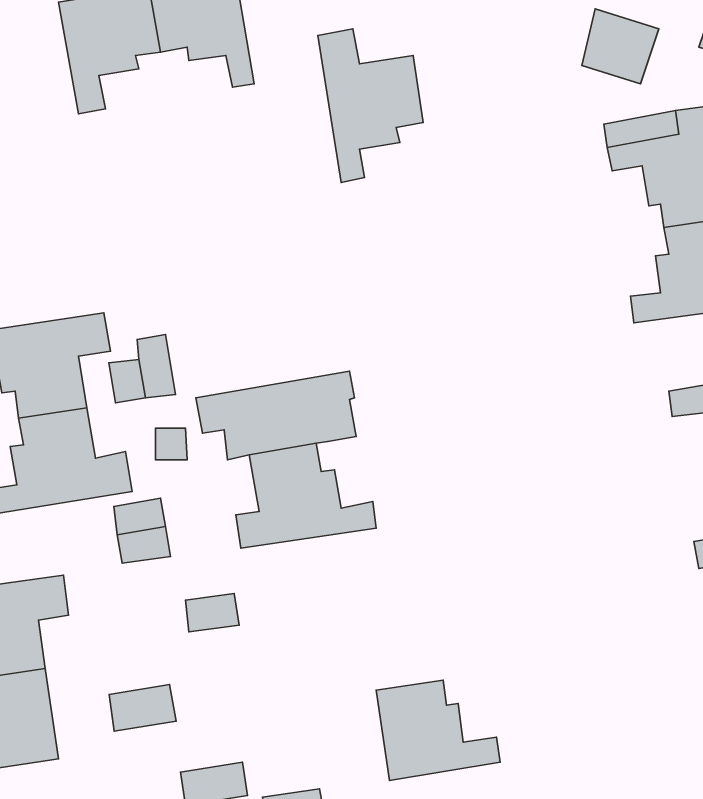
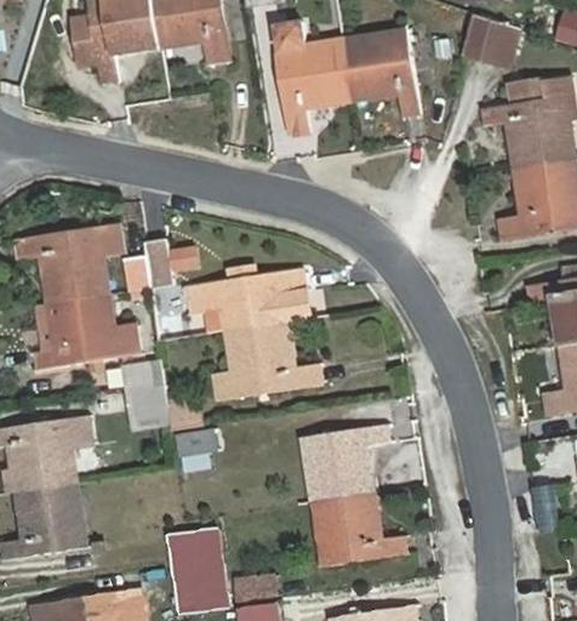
building: none -> [342,32,419,115]
building: none -> [304,425,387,502]
building: [109,684,176,731] -> [170,528,218,562]

